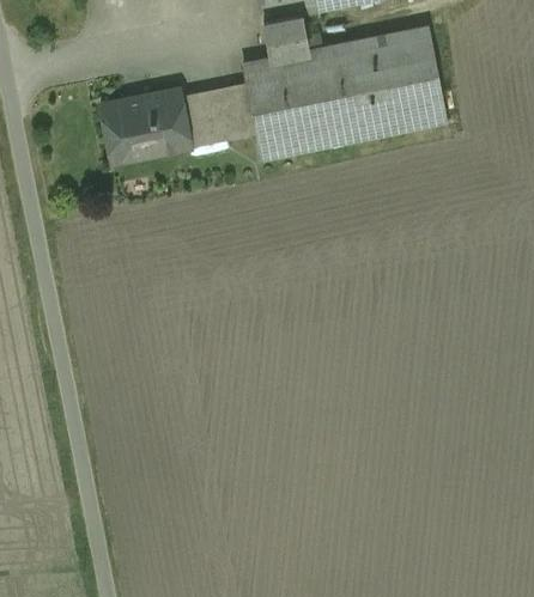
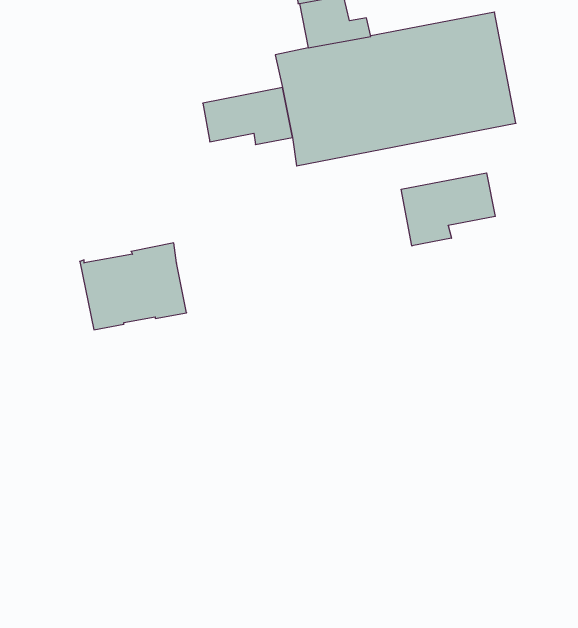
building: [101,89,190,162] -> [80,243,187,330]
building: none -> [401,173,495,246]

